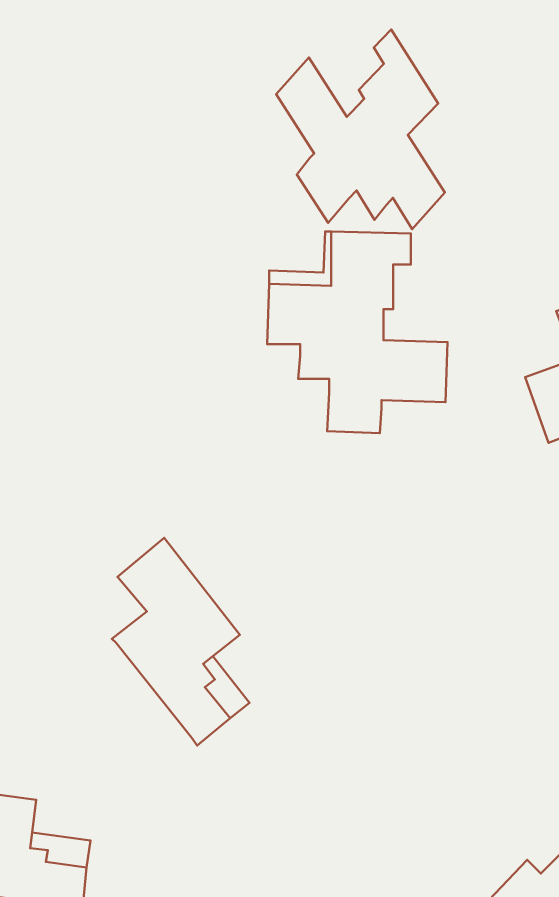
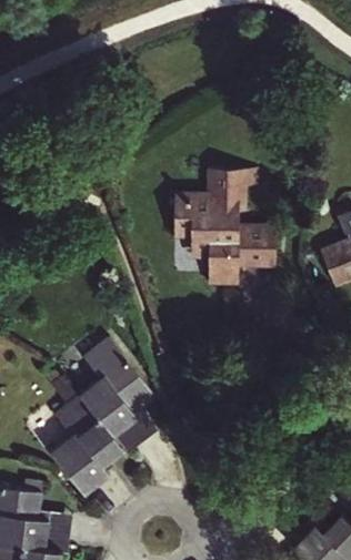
building: [276,30,445,229] -> none
building: none -> [54,401,126,500]

